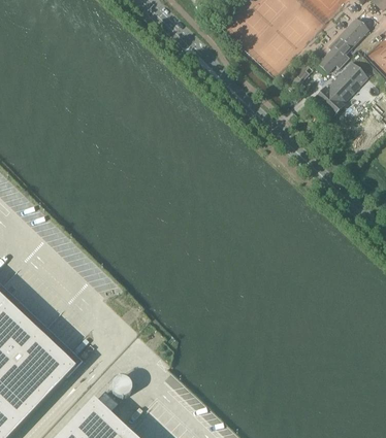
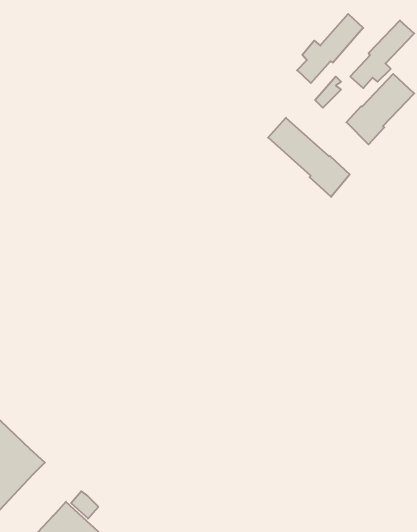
building: none -> [297,14,363,83]
building: none -> [268,118,350,197]

